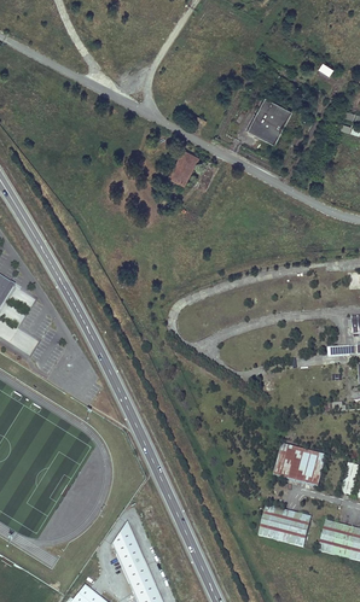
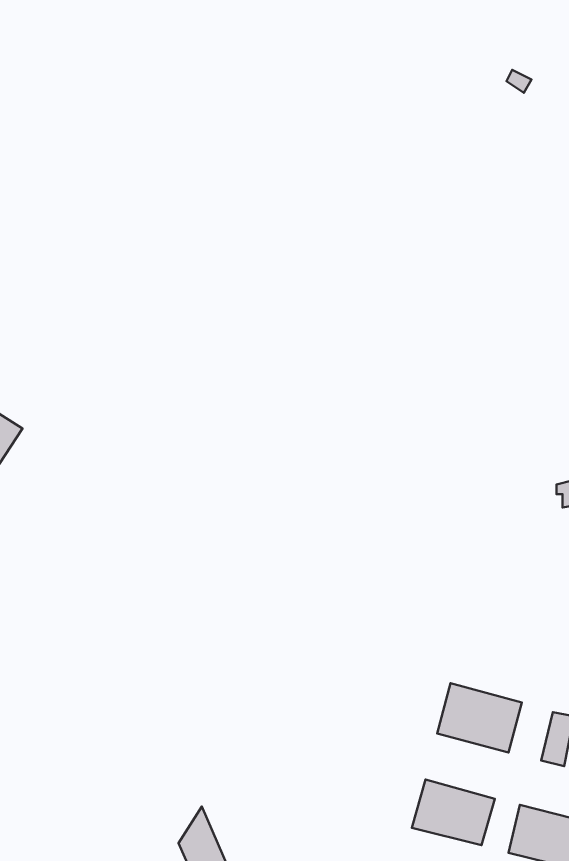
building: [246,98,291,145] -> none
building: [168,150,198,186] -> none

